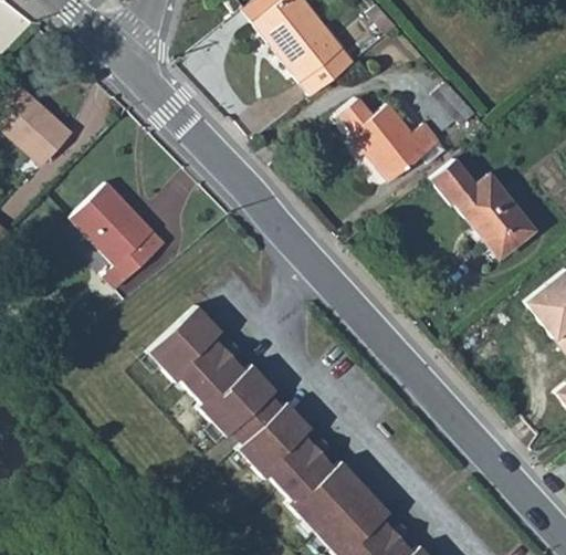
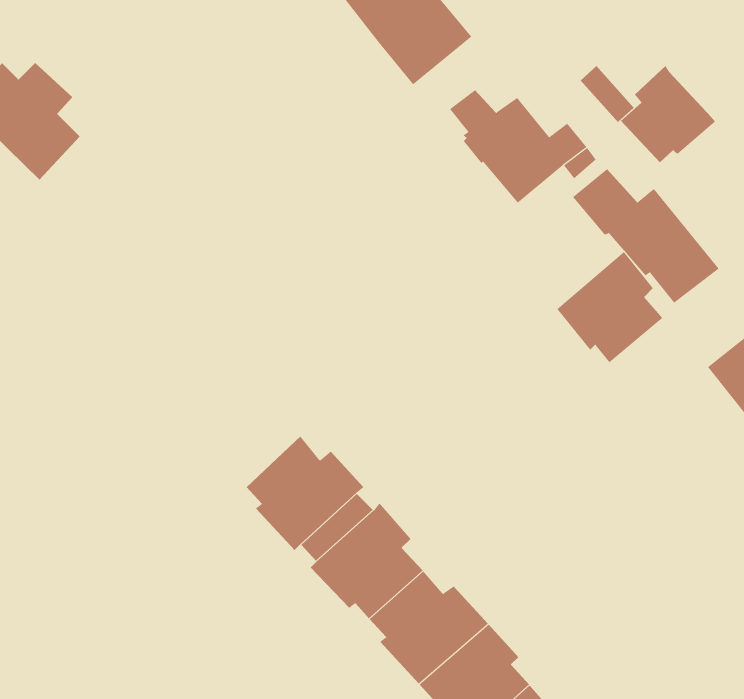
building: none -> [620,65,716,163]
building: [71,184,164,290] -> none
building: none -> [557,251,663,363]
building: [148,305,231,390] -> none

